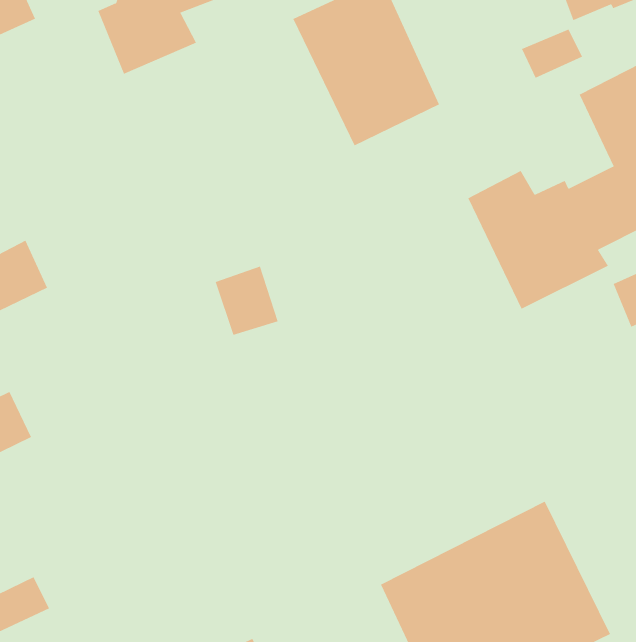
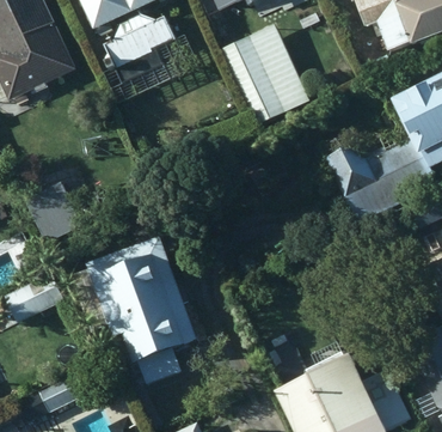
building: none -> [85,237,197,385]

